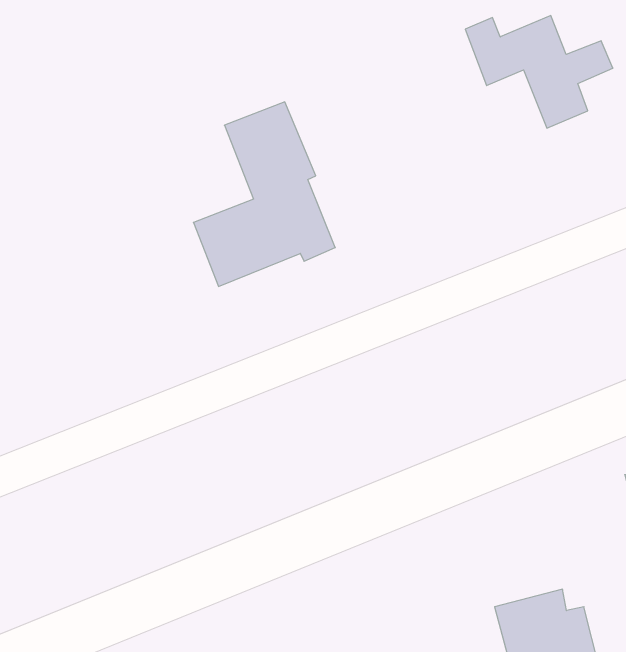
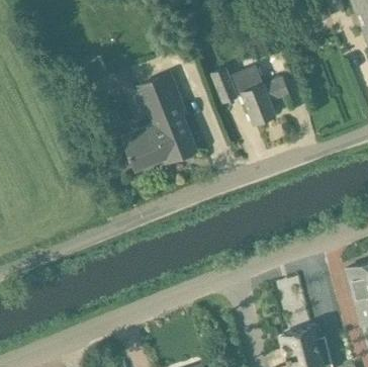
building: [465,16,613,128] -> [210,66,287,124]

